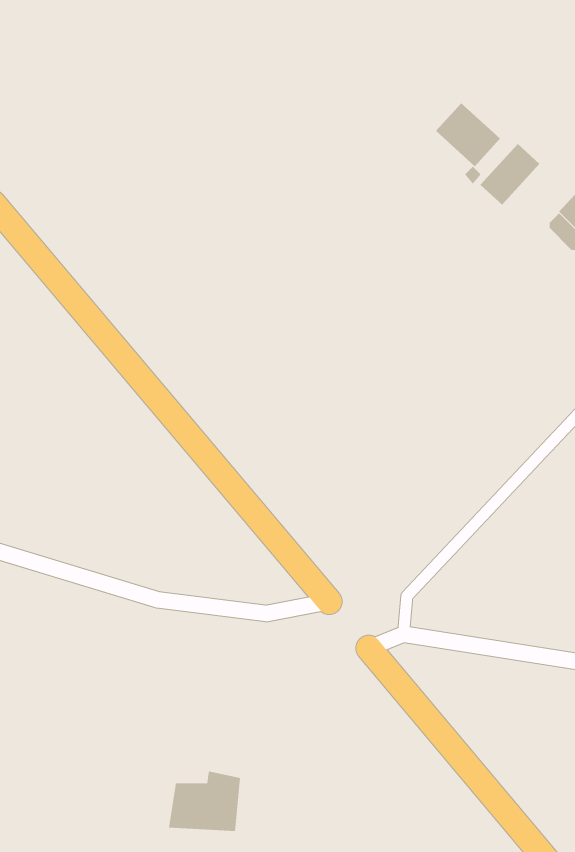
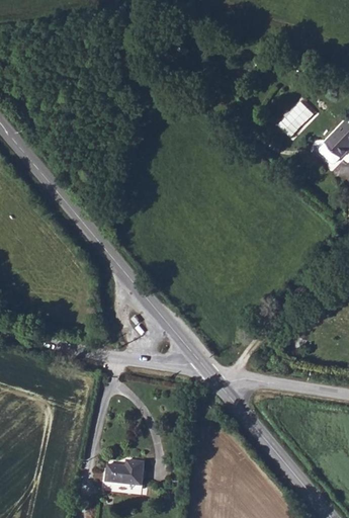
building: [435,102,501,167] -> none

